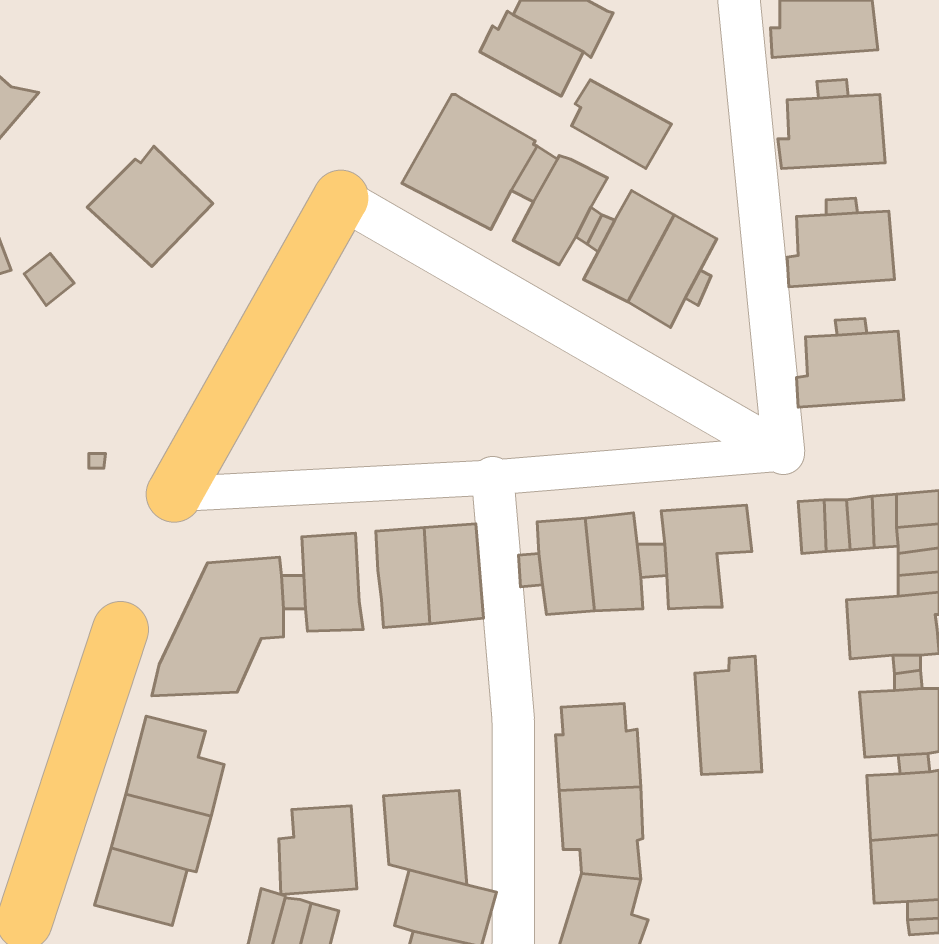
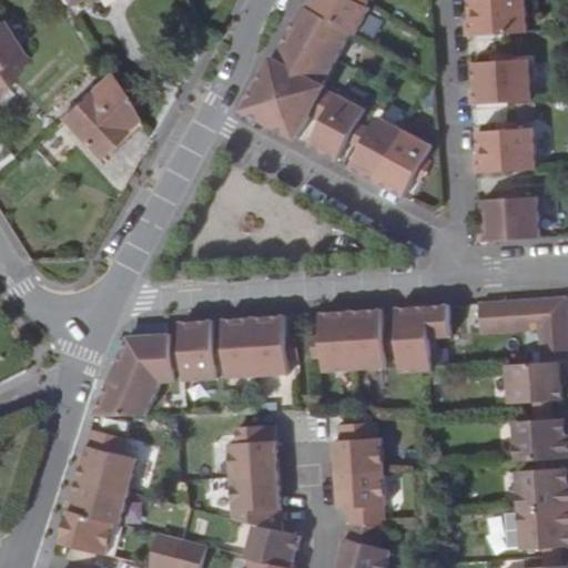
building: [572,80,672,169] -> [276,32,336,85]
building: [695,656,762,775] -> none
building: [279,806,357,895] -> [229,425,275,478]

